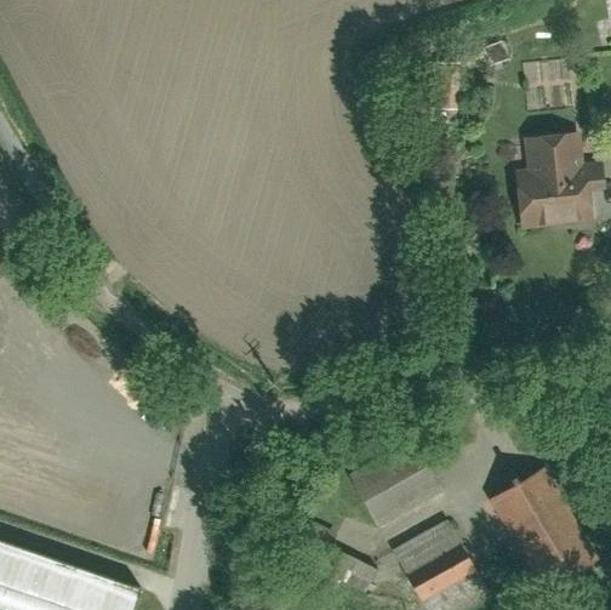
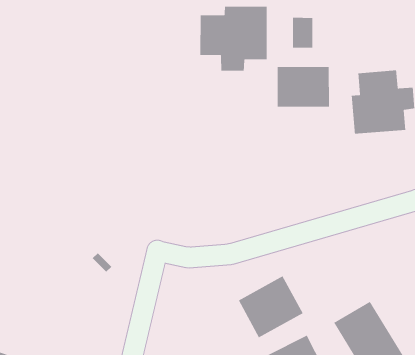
building: none -> [200,6,267,72]
building: none -> [277,66,330,107]

